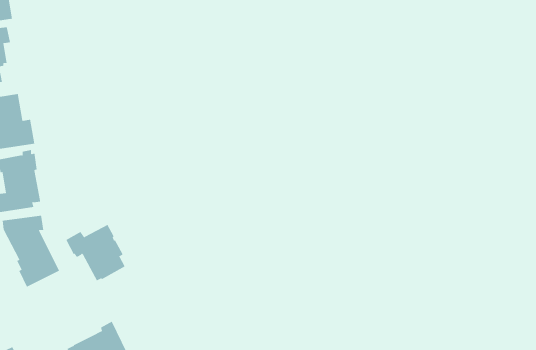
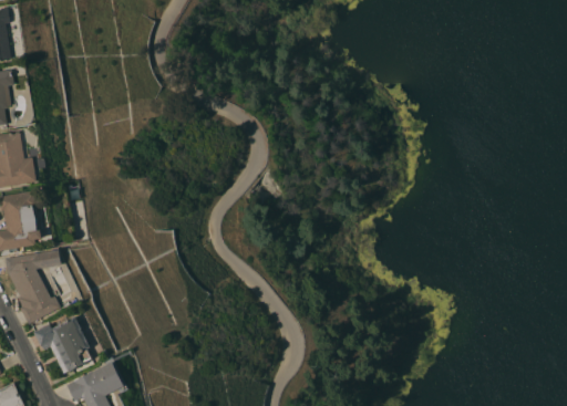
building: [65,224,126,281] -> [32,316,92,373]

